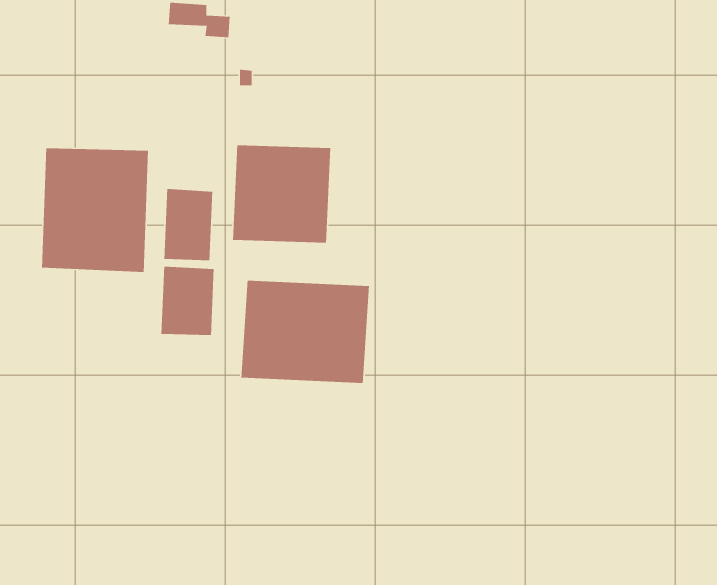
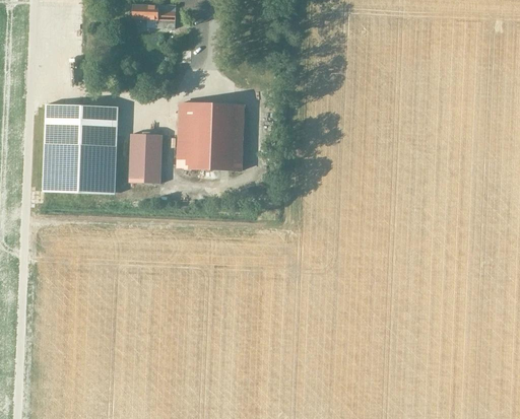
building: [161,266,215,336] -> none
building: [241,280,370,384] -> none

